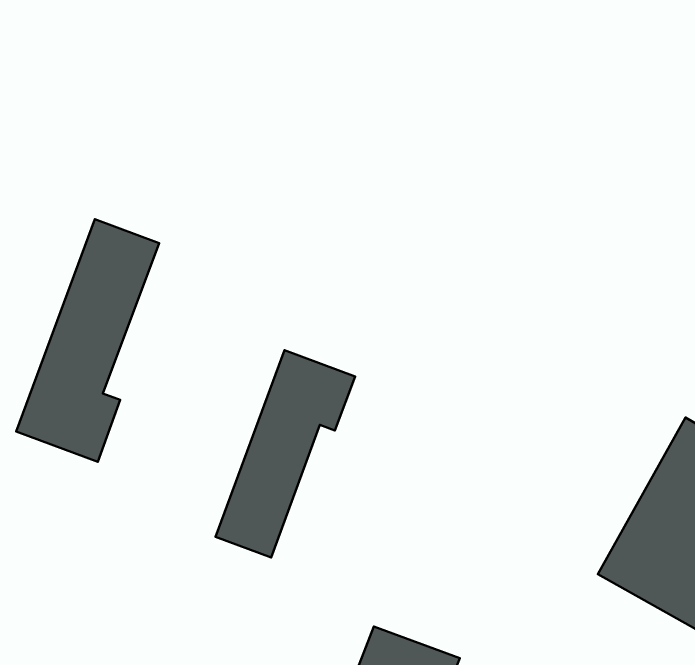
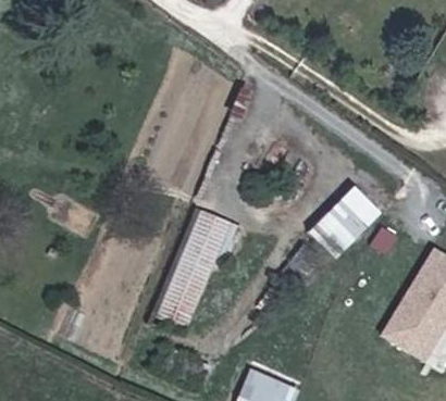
building: [16,219,159,462] -> none
building: none -> [308,184,382,258]

